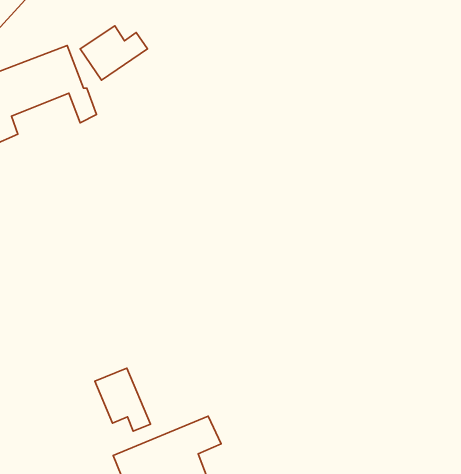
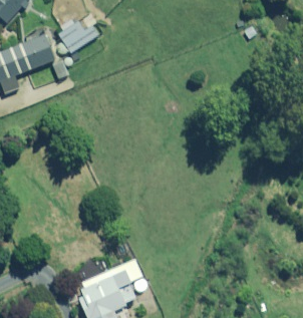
building: [95,368,150,431] -> none

